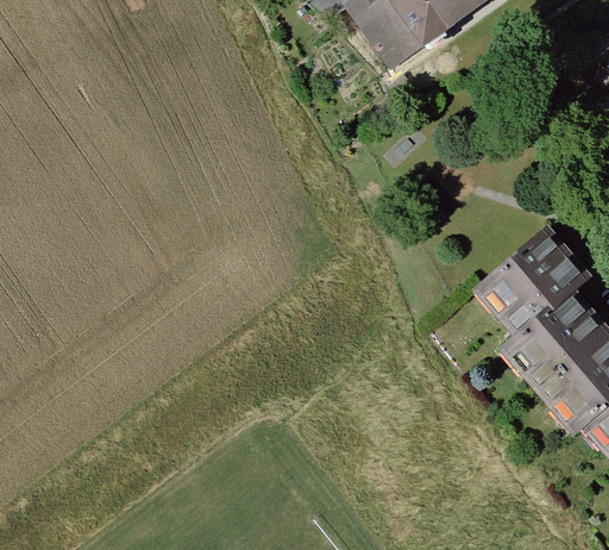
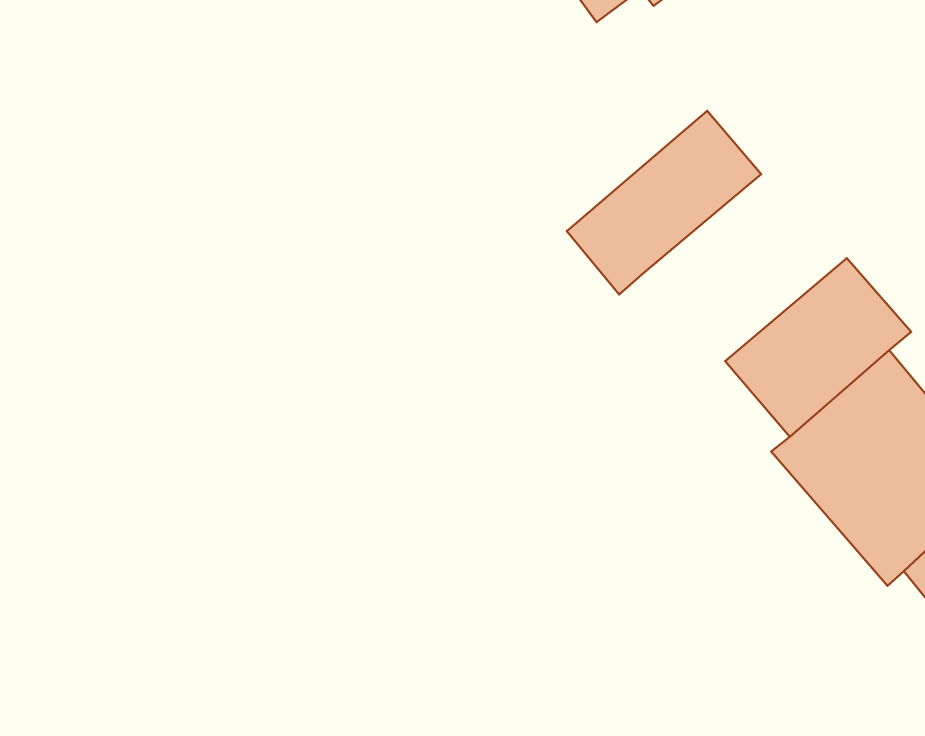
building: none -> [567,111,761,294]

